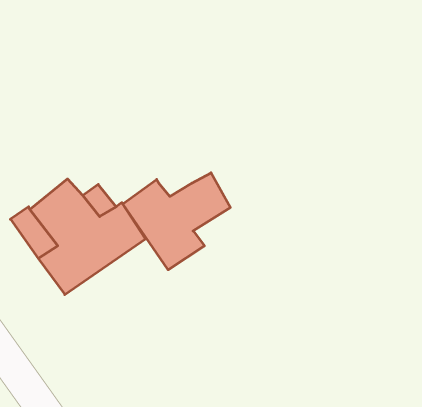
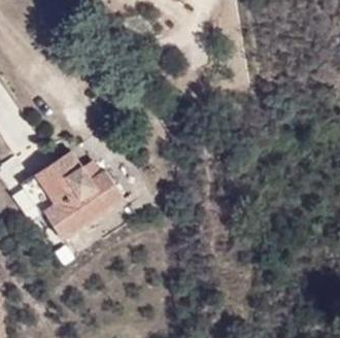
building: [123,173,230,270] -> none

